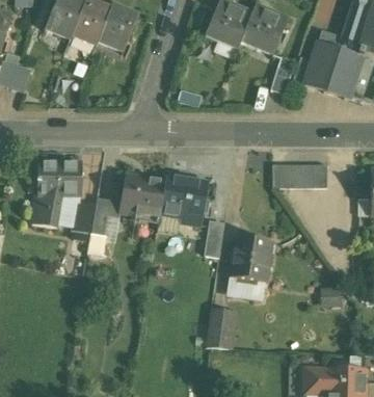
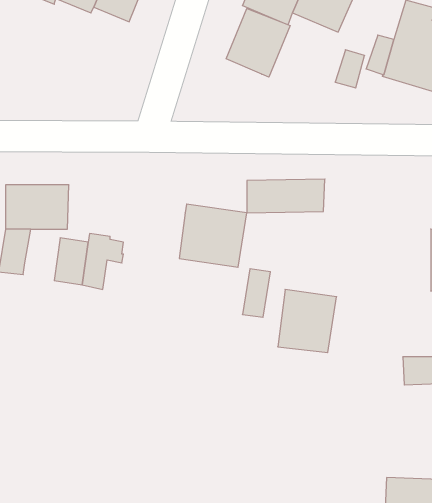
building: none -> [226,8,290,77]
building: [272,162,327,186] -> [247,179,325,213]
building: [119,174,164,216] -> none
building: [228,275,265,296] -> none
building: [206,308,236,347] -> none

